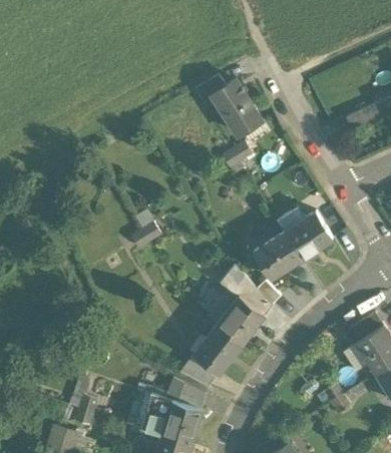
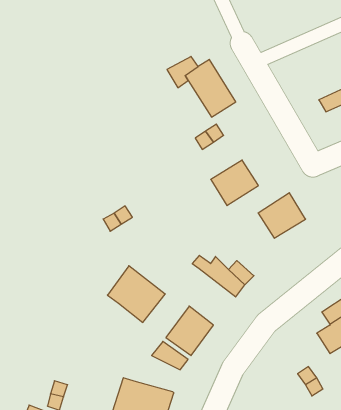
building: [254,231,301,276] -> [211,160,258,206]
building: [206,286,263,342] -> [107,266,165,322]
building: [164,376,206,408] -> none

